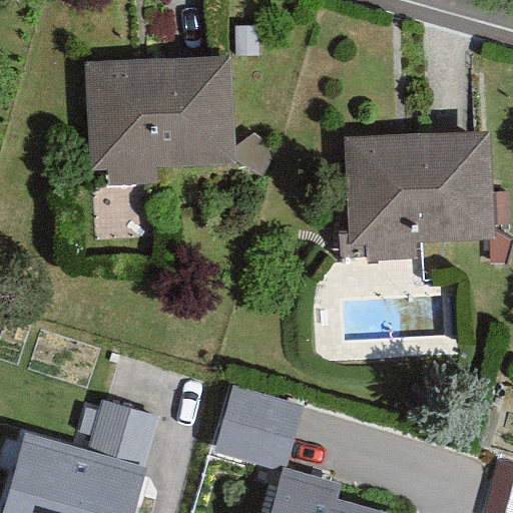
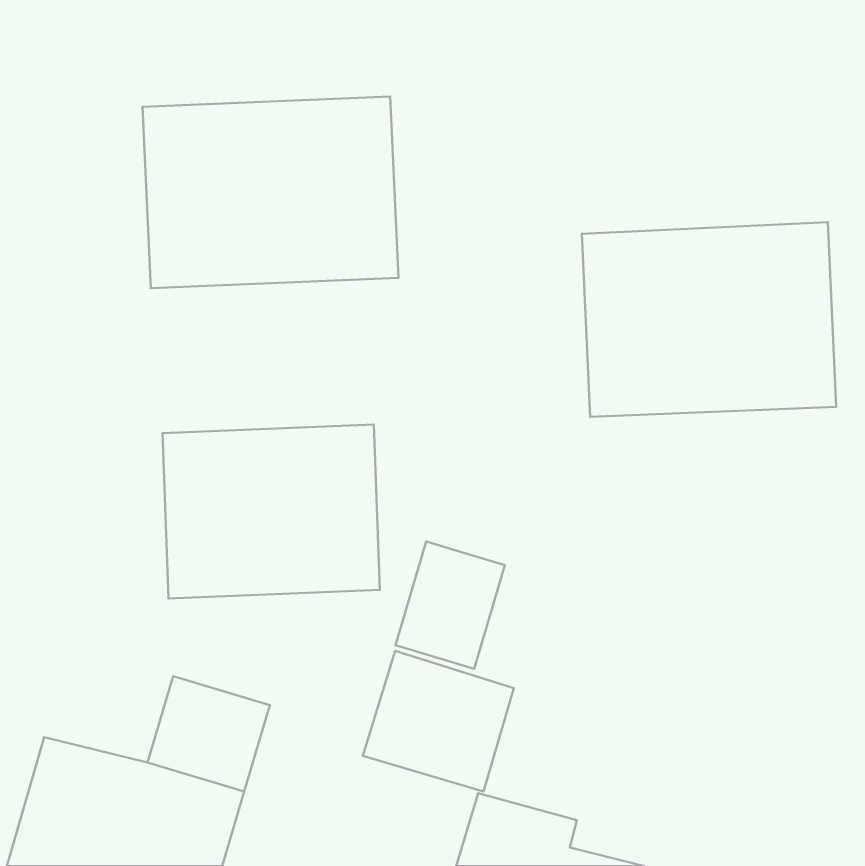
building: none -> [163,425,380,598]
building: none -> [395,541,505,669]

